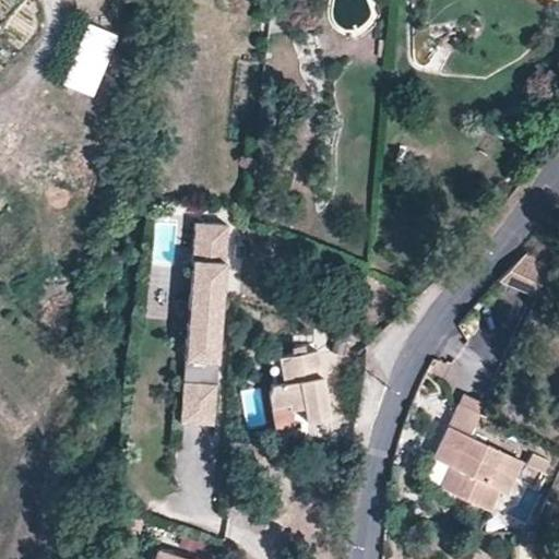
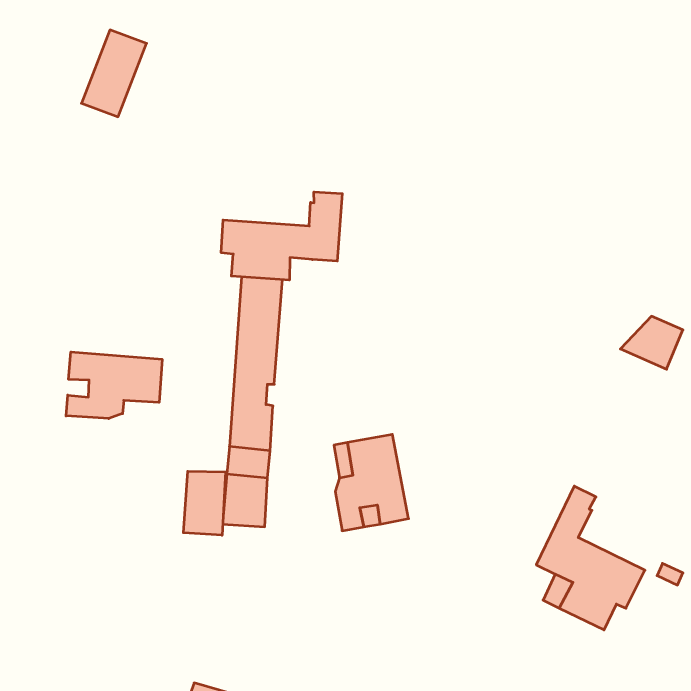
building: none -> [221,192,342,280]
building: none -> [66,352,162,419]
building: none -> [183,471,225,535]

